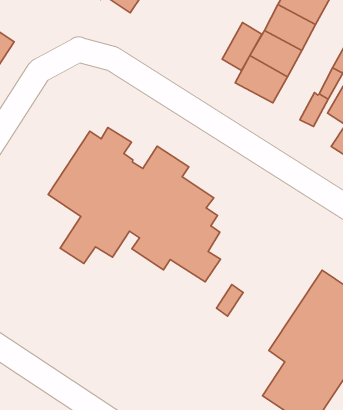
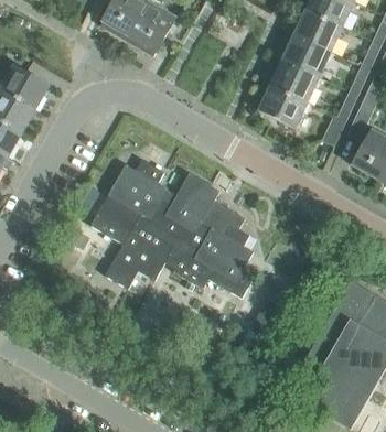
building: [222,23,262,71] -> none

